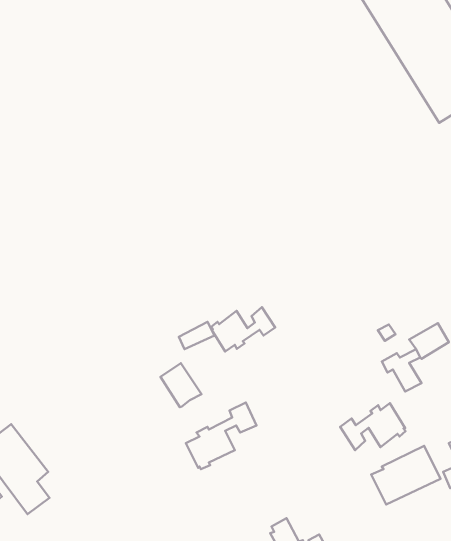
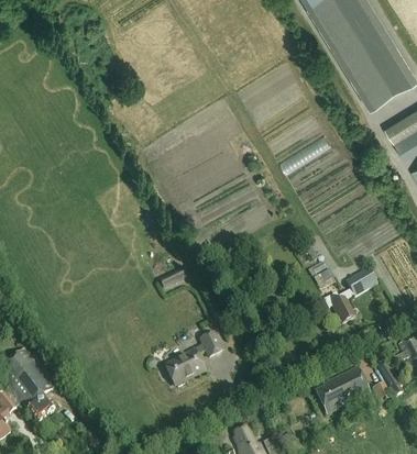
building: [211,307,275,352] -> none
building: [160,363,201,407] -> none
building: [340,403,405,450] -> none

